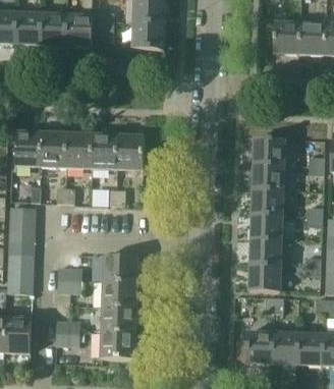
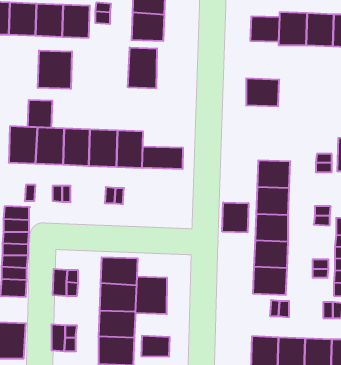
building: none -> [251,16,279,42]
building: none -> [128,47,157,88]
building: none -> [38,50,72,89]
building: none -> [28,100,52,128]
building: [254,137,285,164] -> [246,79,279,106]
building: none -> [142,146,183,169]
building: none -> [222,202,248,232]
building: none -> [136,276,167,314]
building: none -> [141,336,169,357]

